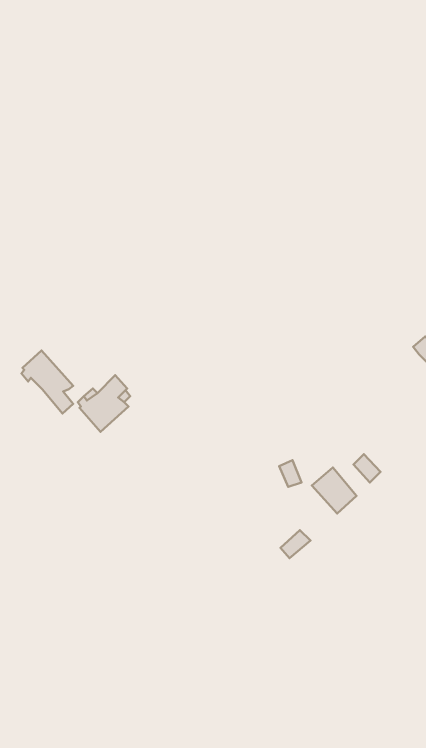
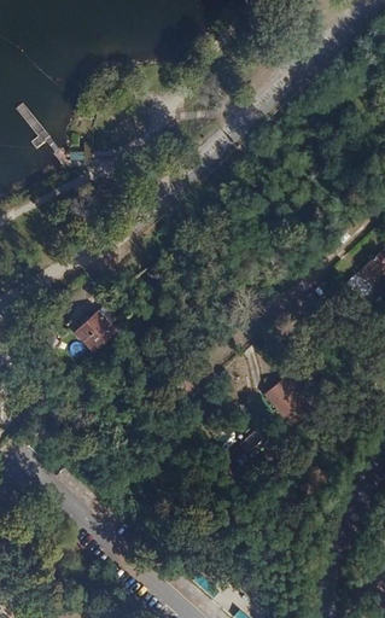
building: [22,350,73,413] -> none

